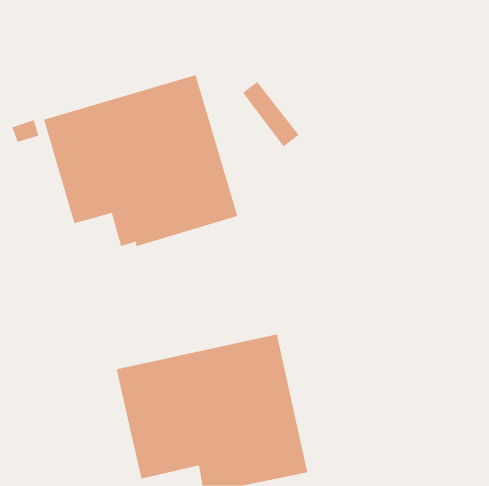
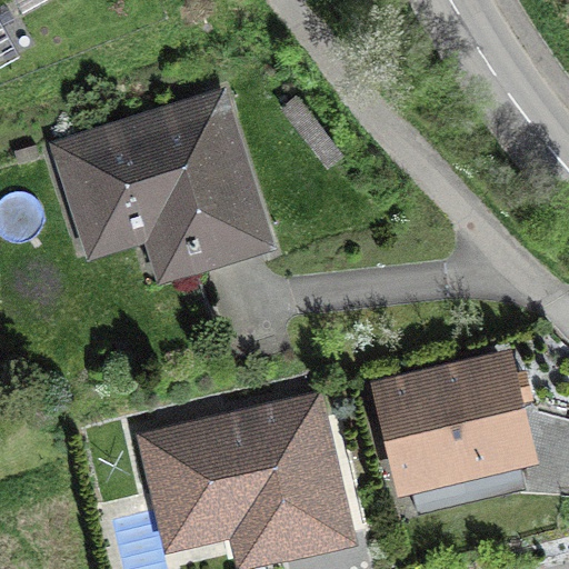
building: none -> [370,351,538,517]

